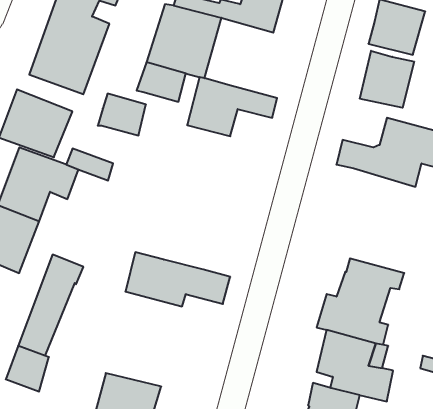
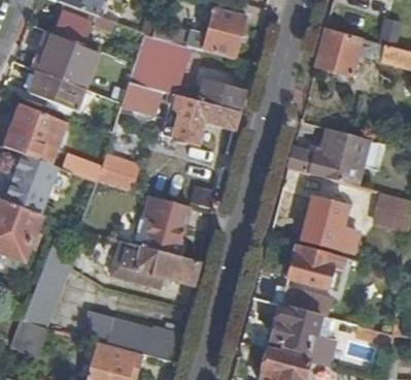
building: [360,51,414,108] -> none
building: none -> [200,80,244,112]
building: [98,94,146,135] -> [97,154,137,189]
building: none -> [143,194,191,255]
building: none -> [303,199,361,252]
building: none -> [80,309,179,361]

